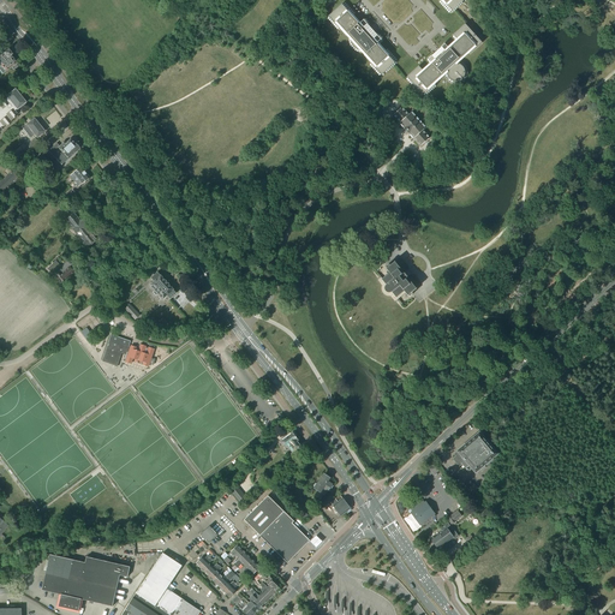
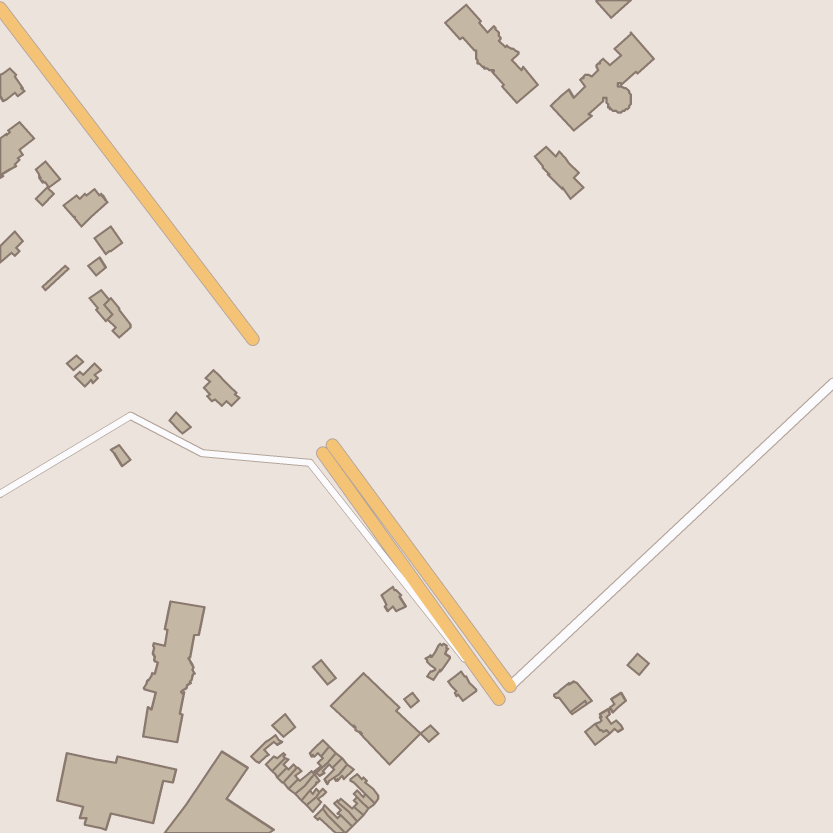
building: [382,262,417,300] -> none
building: [101,334,155,366] -> none
building: [453,434,497,472] -> none
building: none -> [143,602,204,742]

